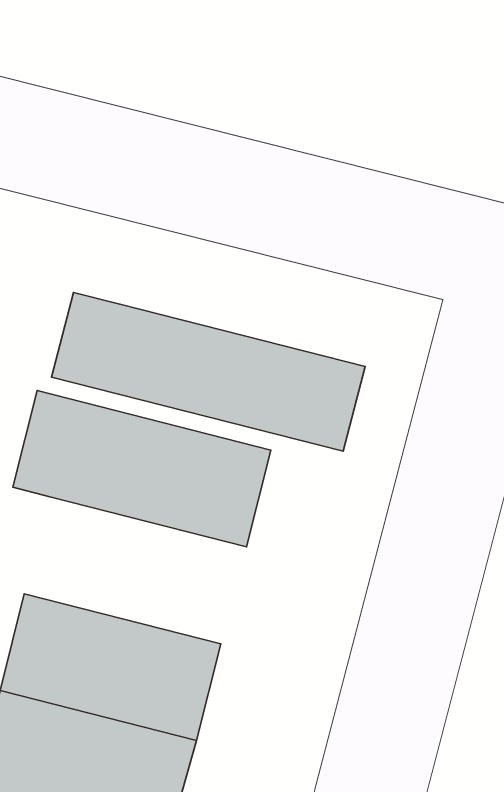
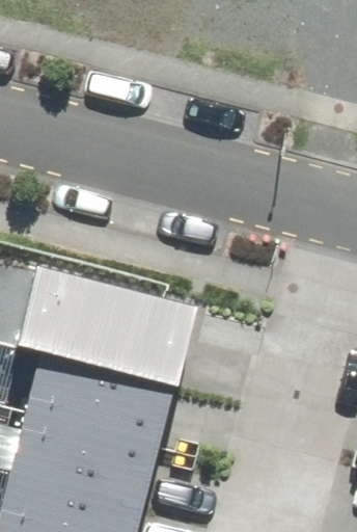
building: [51,293,365,451] -> none
building: none -> [36,338,180,432]

